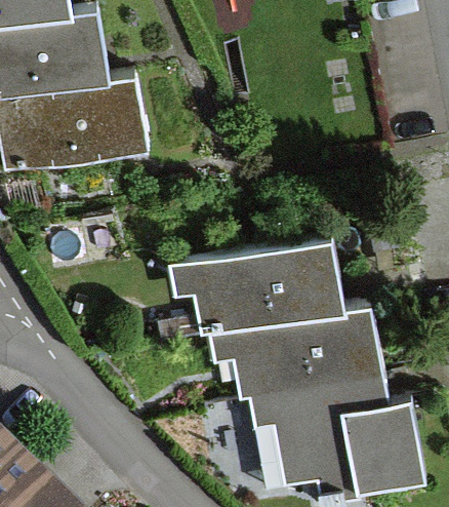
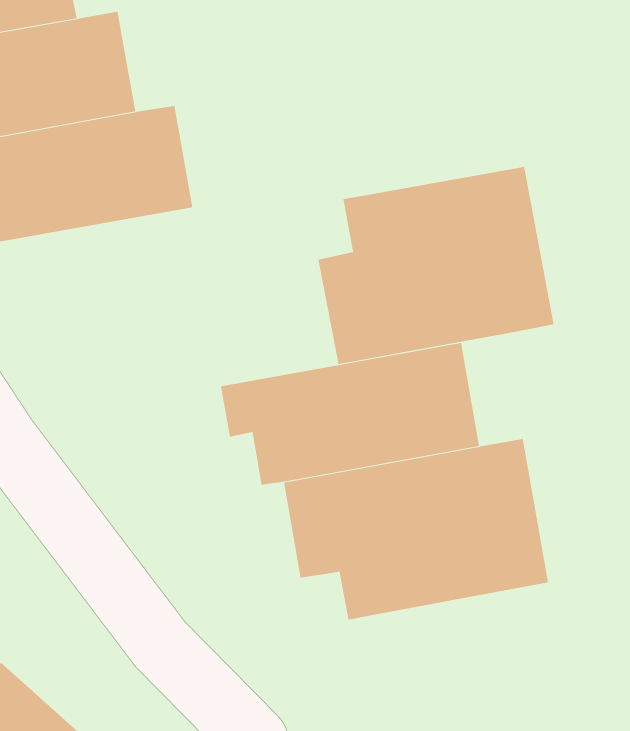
building: none -> [318,166,554,365]
building: [271,398,424,490] -> none

